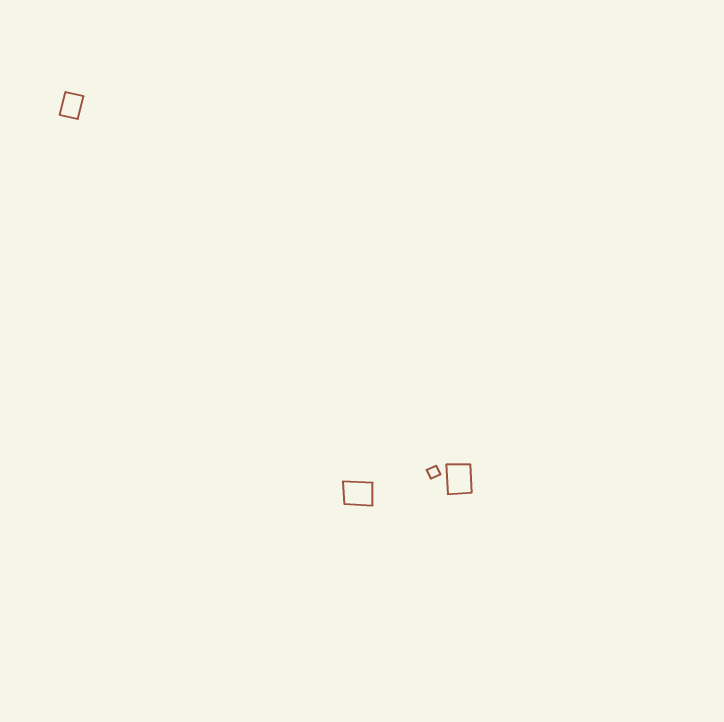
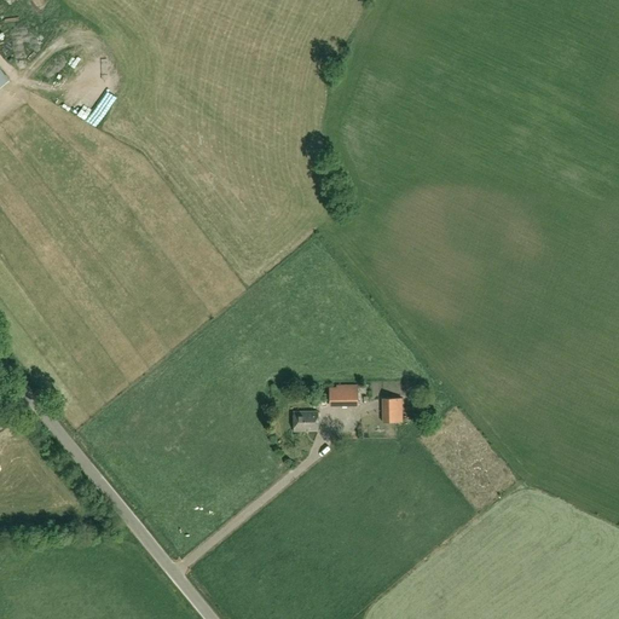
building: none -> [329,383,358,406]

